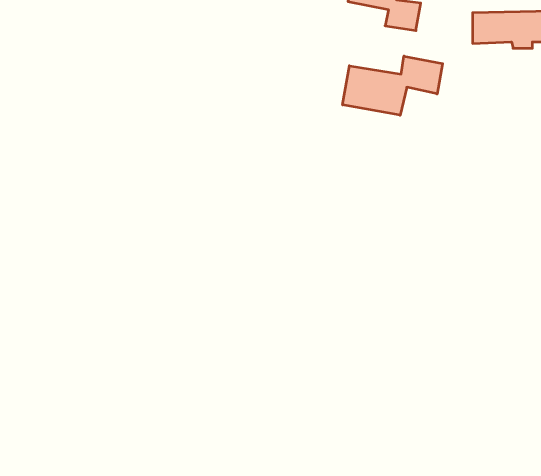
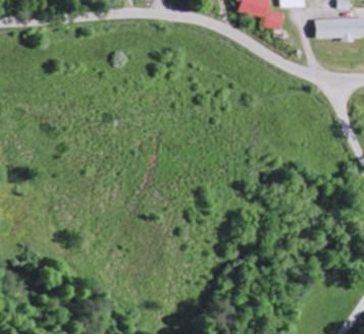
building: [343,56,443,115] -> none

